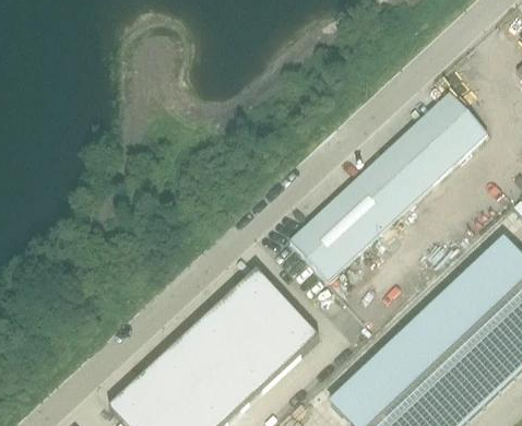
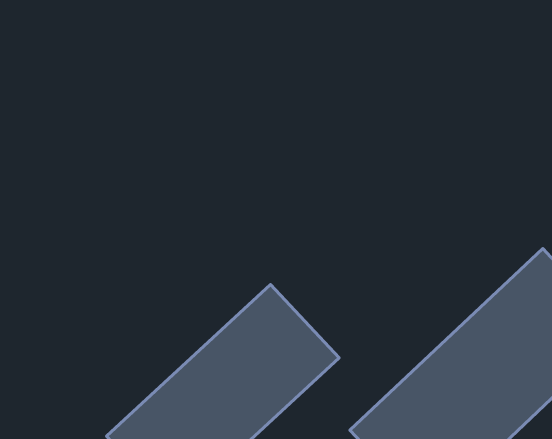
building: [289,92,485,281] -> none

